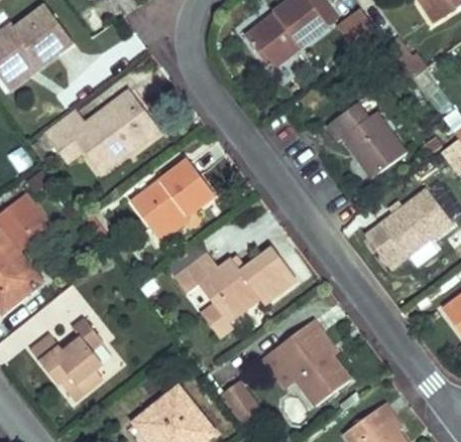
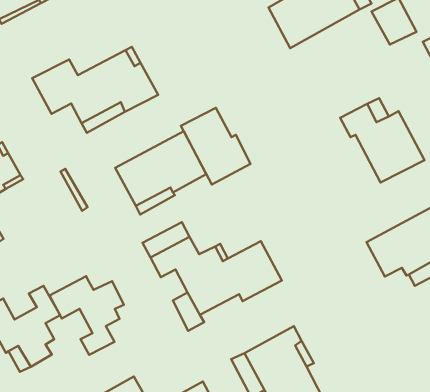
building: none -> [181,108,250,184]
building: none -> [50,276,124,355]

